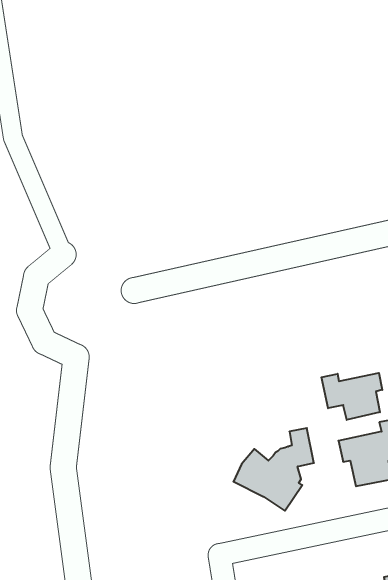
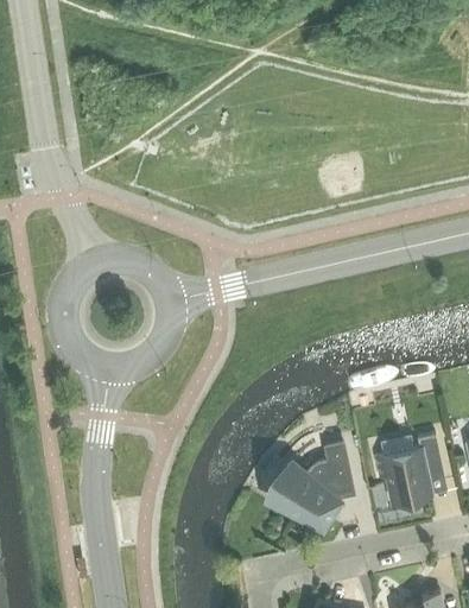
building: [321,373,382,420] -> none

